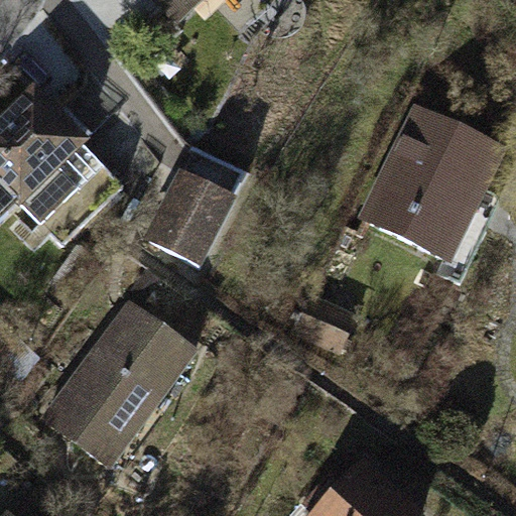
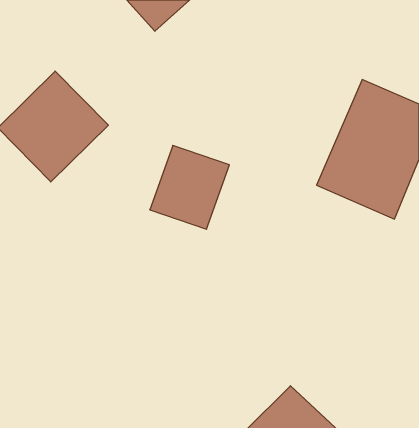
building: [62,307,227,482] -> none

